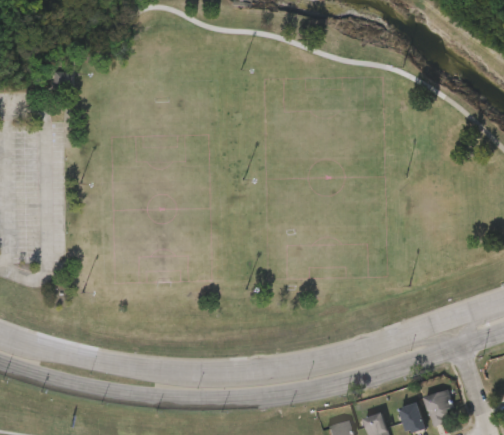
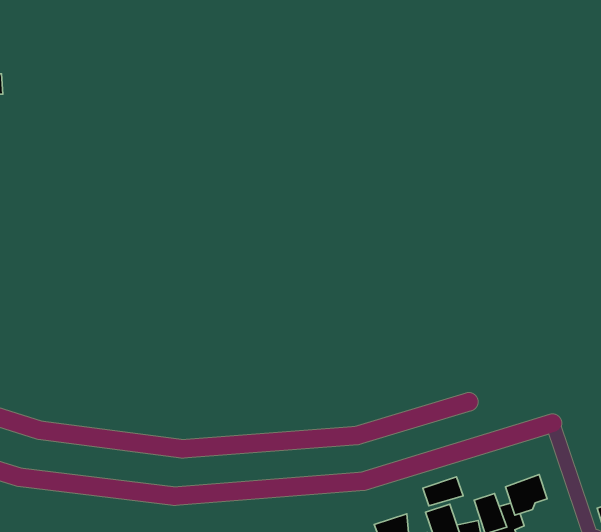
building: none -> [423,477,463,506]

